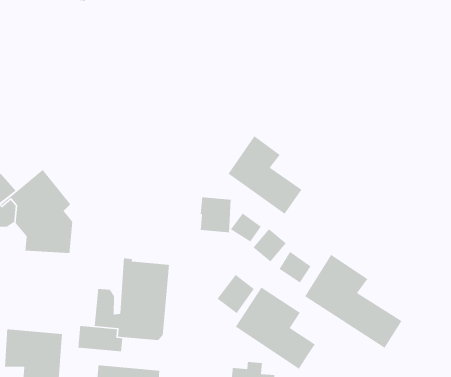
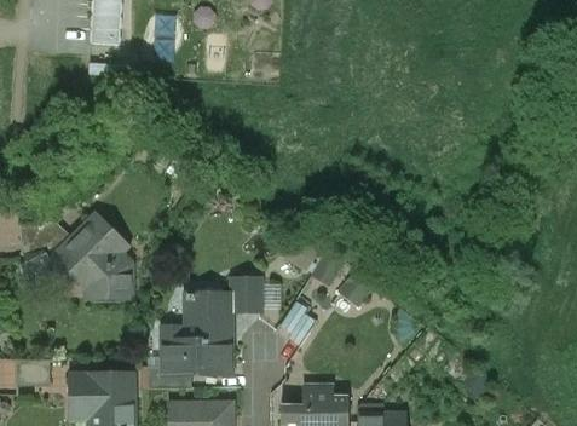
building: [228,135,302,215] -> none
building: [200,197,232,233] -> [230,277,261,311]
building: [304,254,402,349] -> none
building: [235,287,316,370] -> none

